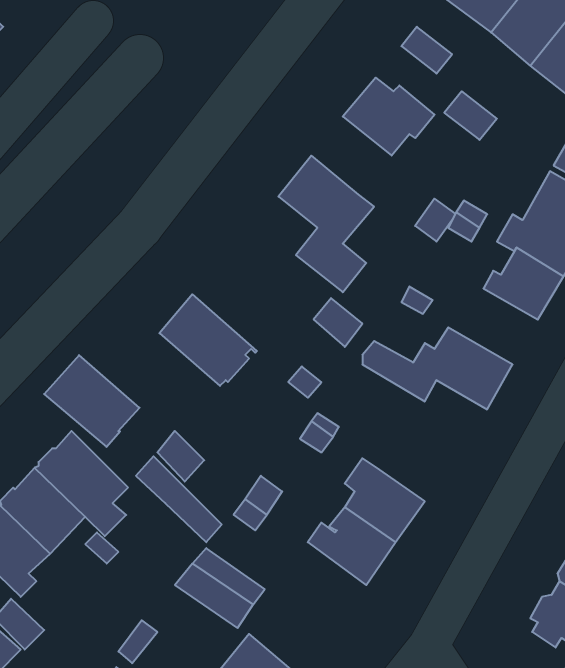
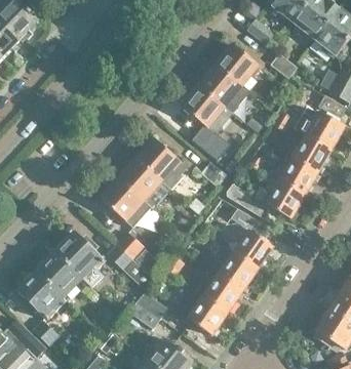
building: none -> [199,66,248,113]
building: none -> [137,138,187,189]
building: none -> [271,156,318,196]
building: [44,355,140,447] -> [101,179,151,228]
building: none -> [230,208,274,268]
building: none -> [185,289,228,334]

